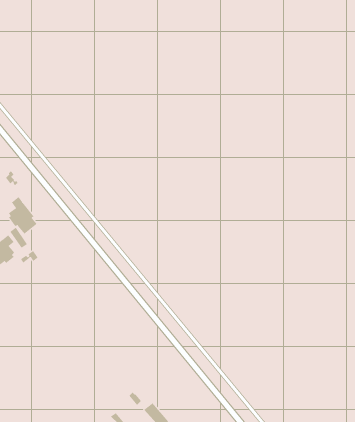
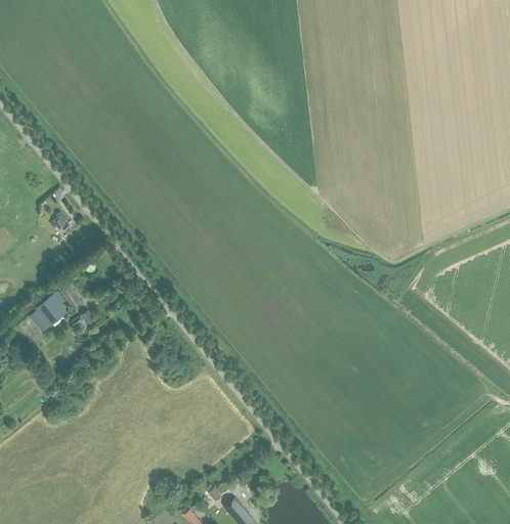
building: [8,196,37,234] -> none

